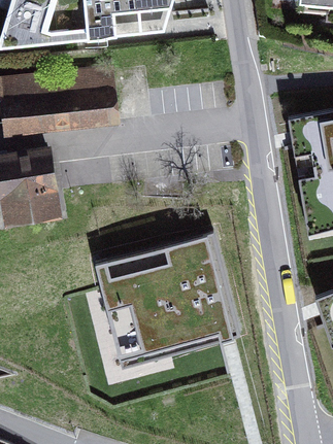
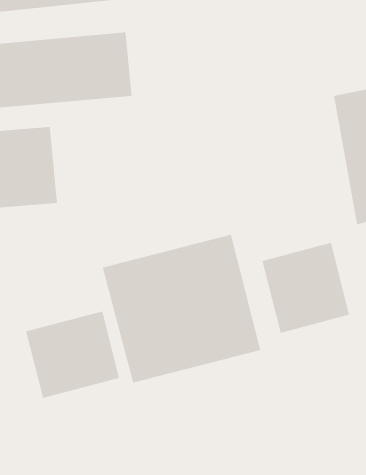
building: none -> [262,242,350,334]
building: none -> [25,310,120,399]

